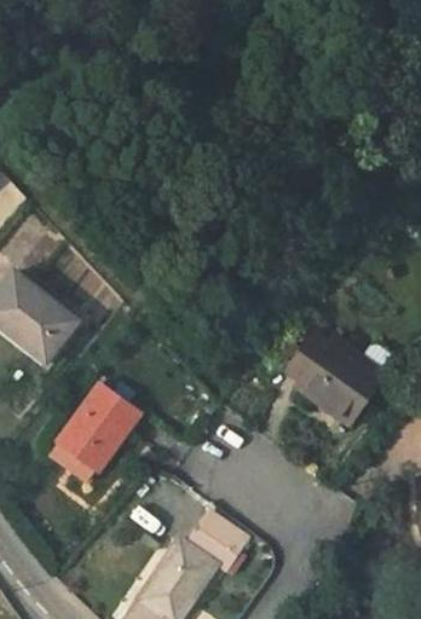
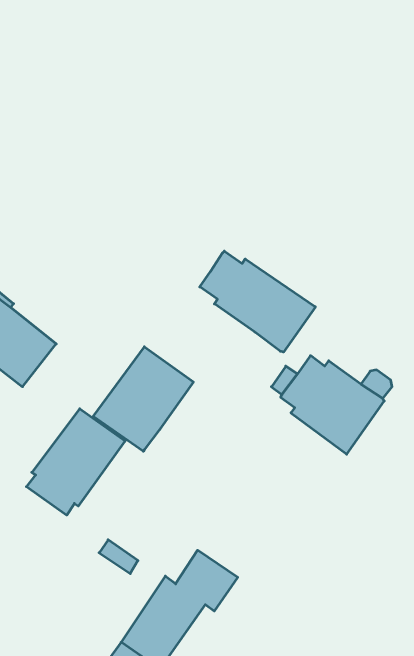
building: none -> [200,251,315,352]
building: none -> [93,347,193,451]

